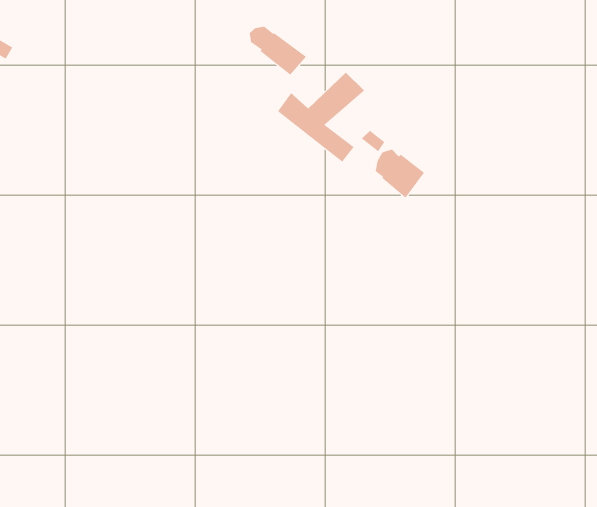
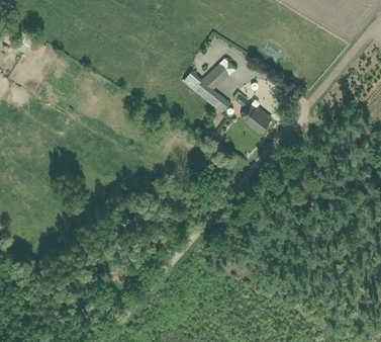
building: [249,26,307,75] -> none

